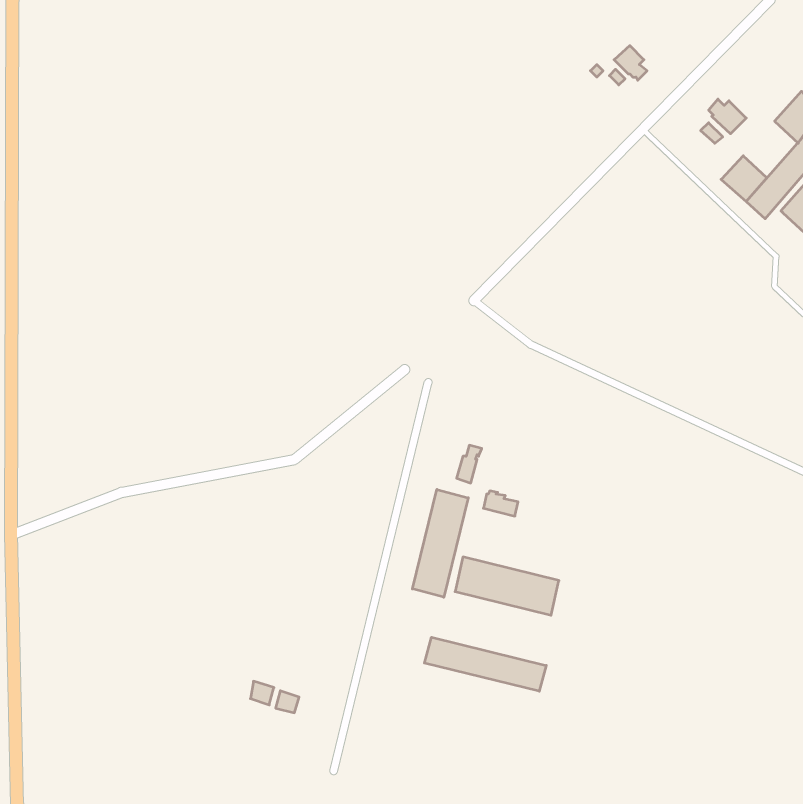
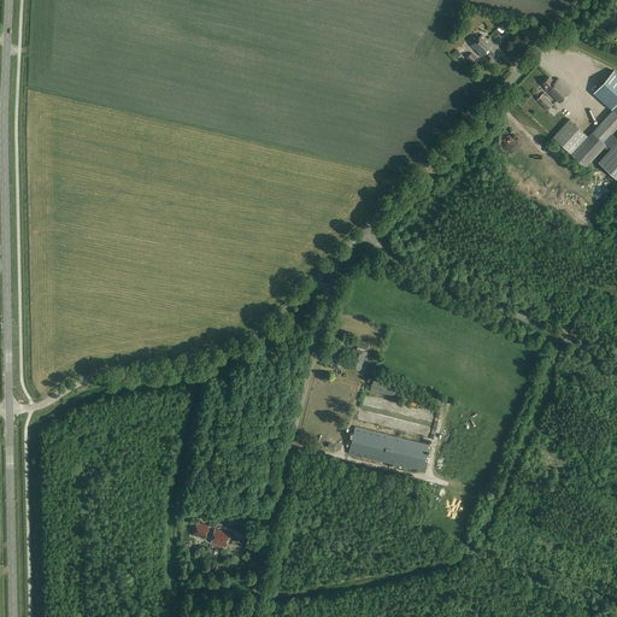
building: [412,489,468,597] -> none
building: [424,637,546,691] -> none

